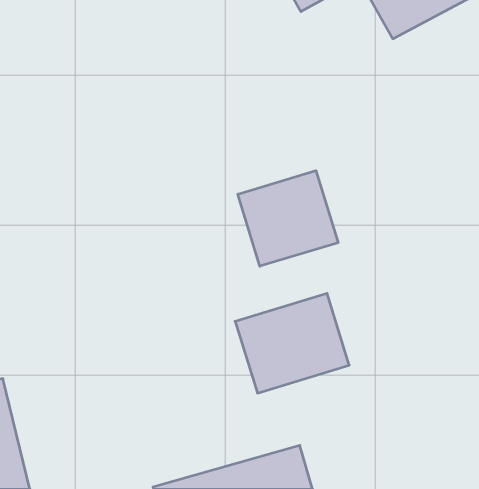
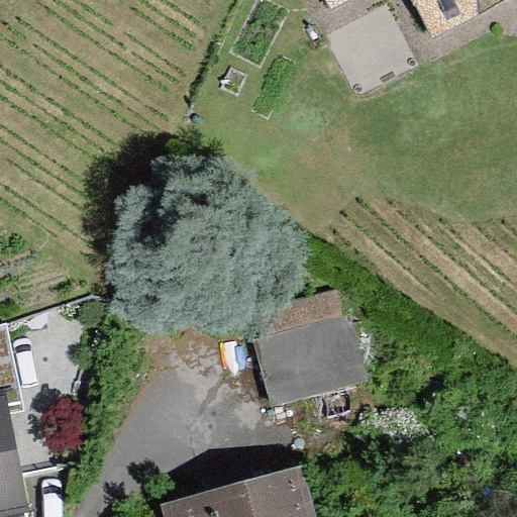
building: [238,171,338,266] -> none

